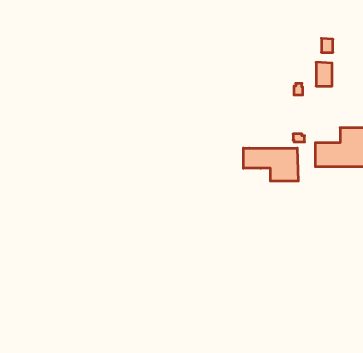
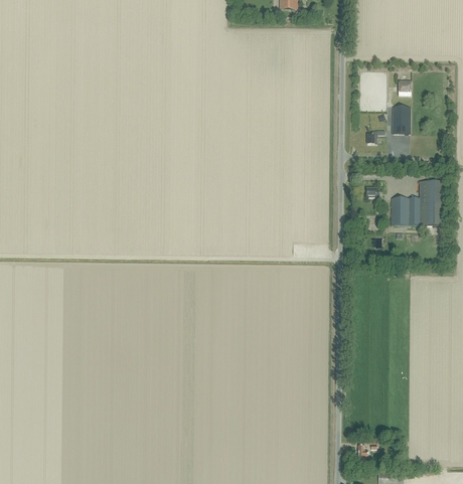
building: [243,148,298,181] -> none

